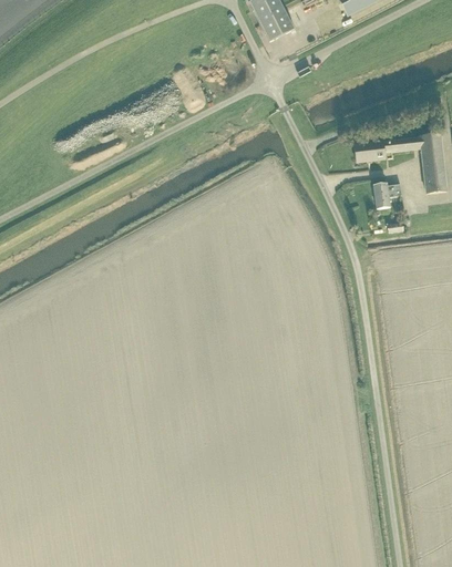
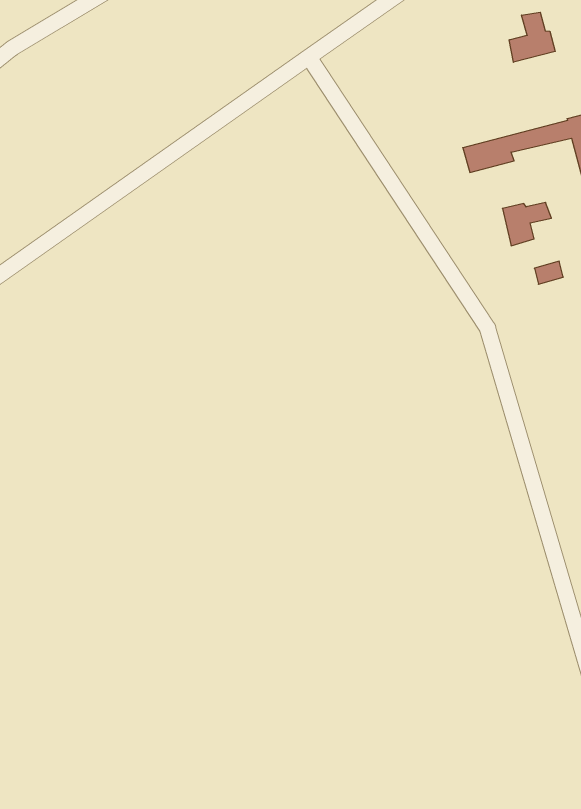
building: none -> [509,12,555,62]

